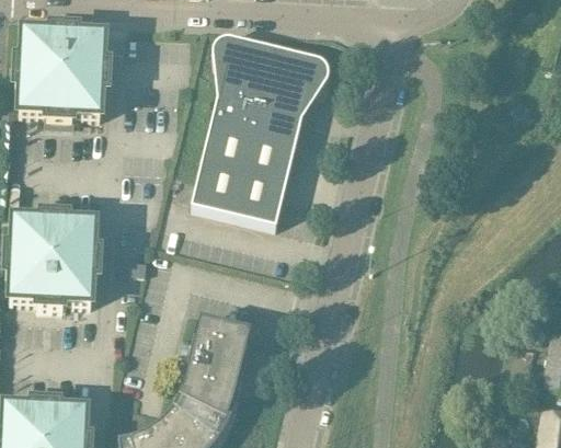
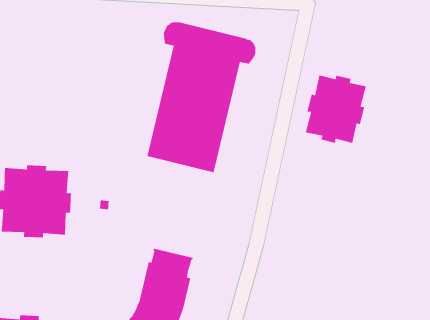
building: [15,23,108,115] -> none
building: none -> [305,75,367,144]

